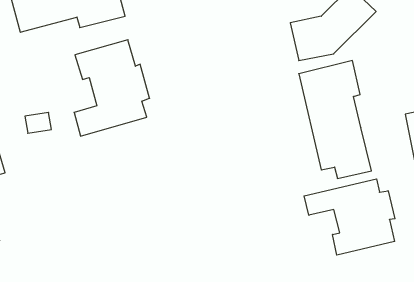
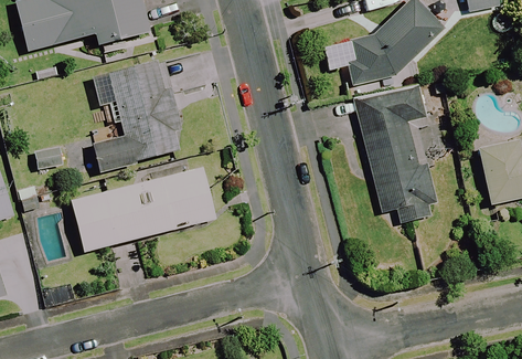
building: none -> [72,167,215,251]
building: [304,179,395,255] -> none

